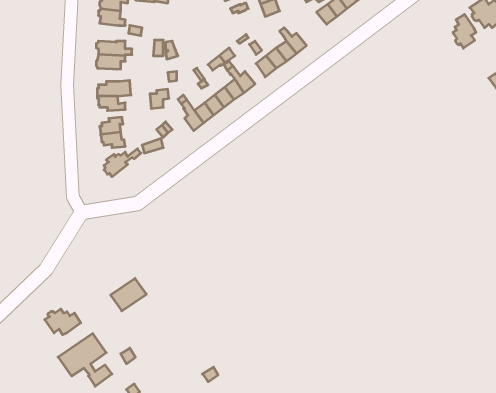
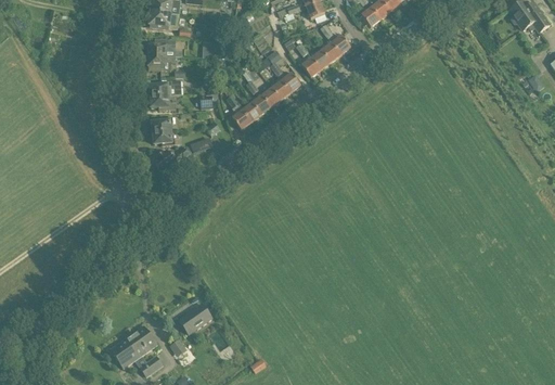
building: [453,14,476,48] -> none
building: [111,278,146,311] -> [178,303,212,334]
building: [45,309,81,335] -> none

